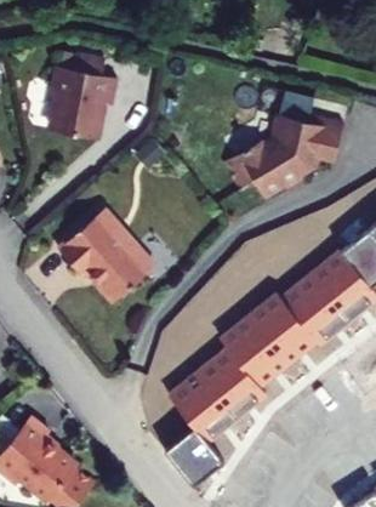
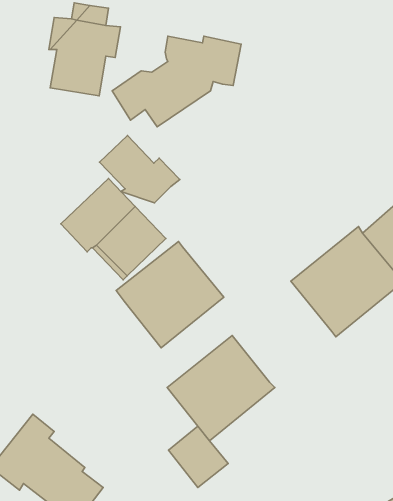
building: [228,104,346,187] -> [112,36,241,127]
building: none -> [100,136,180,203]
building: [210,298,308,395] -> [116,241,224,348]

